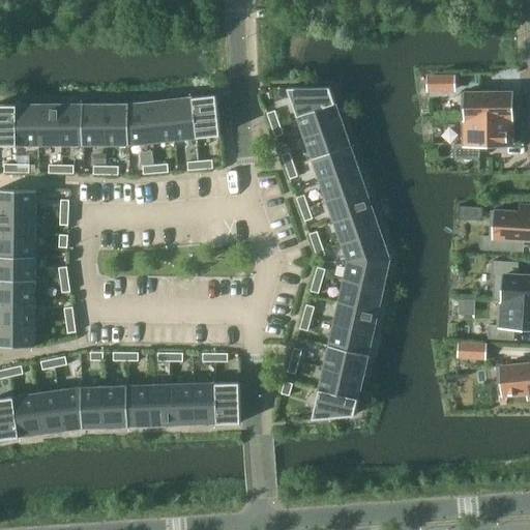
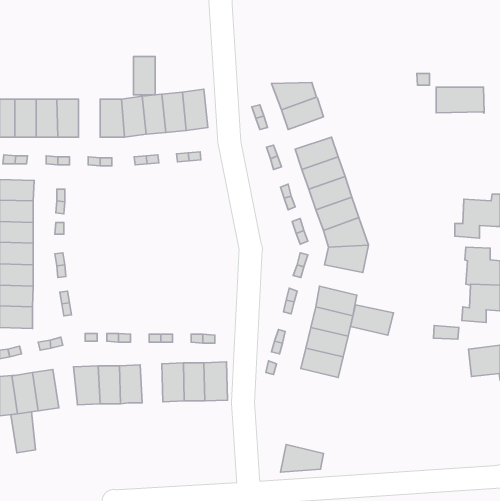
building: [83,105,106,145] -> [134,57,155,95]
building: [453,118,510,158] -> none
building: [304,123,350,157] -> none
building: [337,279,383,312] -> [350,305,394,335]
building: [148,384,172,425] -> none
building: [56,387,82,431] -> [11,412,36,453]
building: [312,389,357,418] -> [280,445,324,472]

